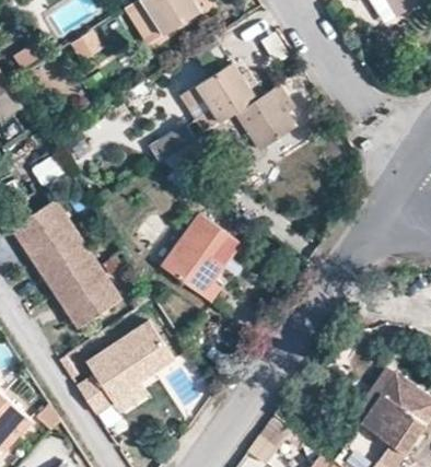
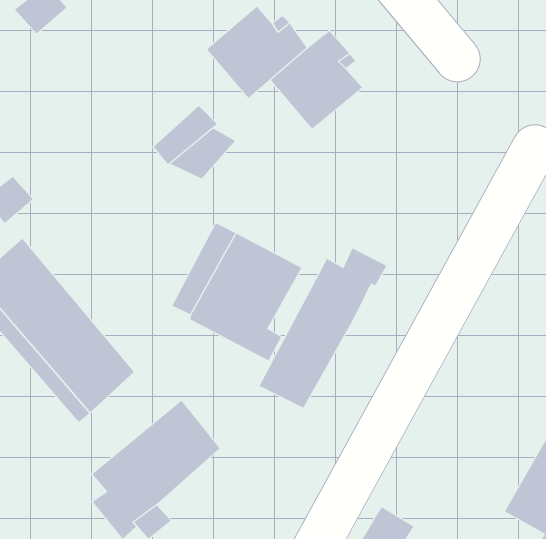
building: none -> [259,247,387,409]

